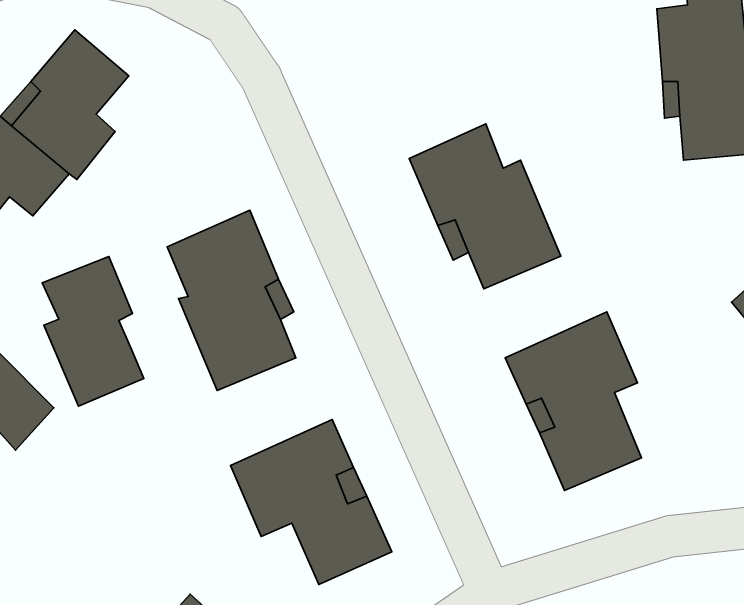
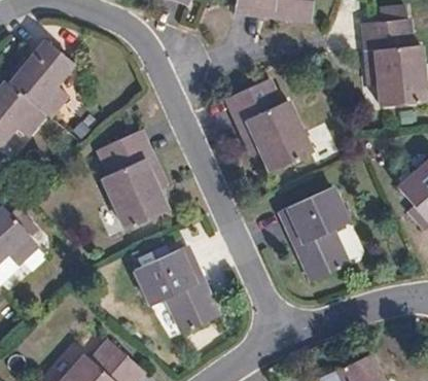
building: [42,256,144,406] -> none

